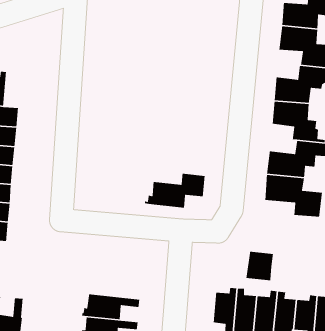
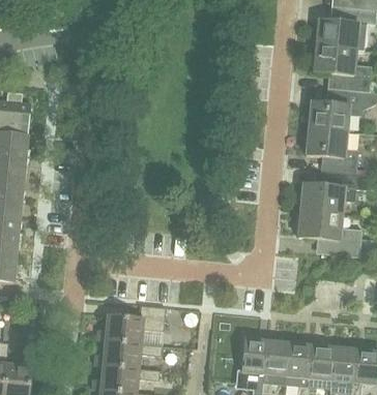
building: none -> [11,96,31,135]
building: [144,173,205,210] -> [97,305,165,346]
building: [245,251,274,281] -> none

